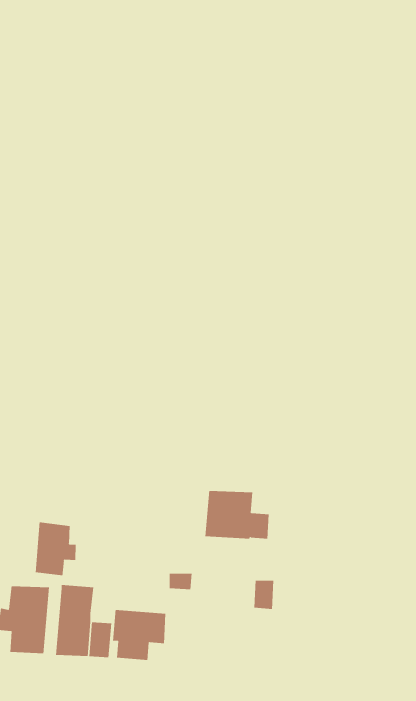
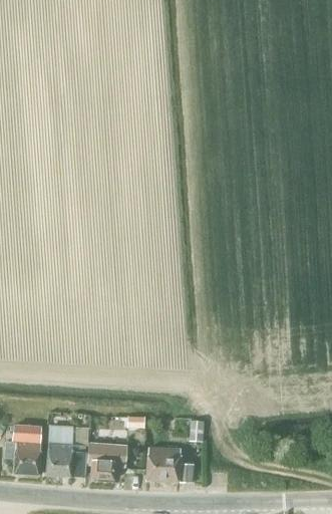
building: [205,491,270,539] -> [144,447,192,482]
building: [35,522,76,576] -> none

